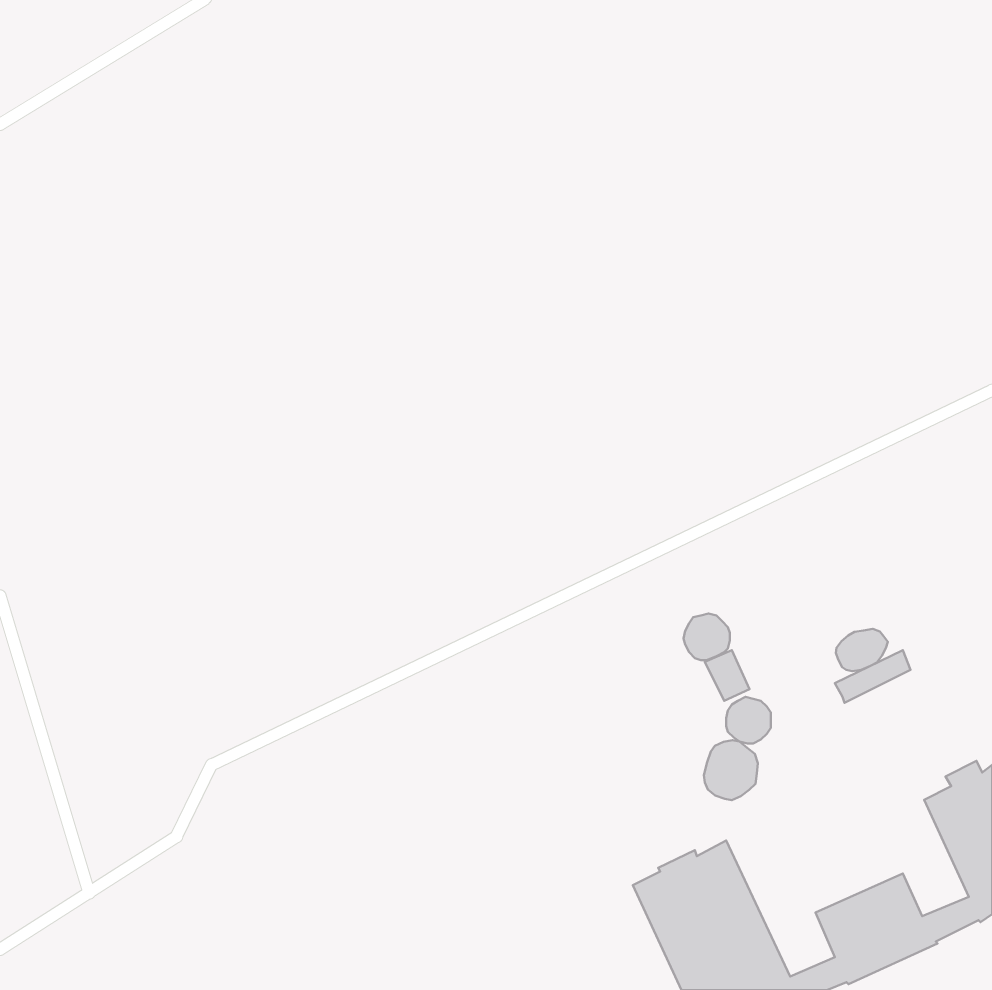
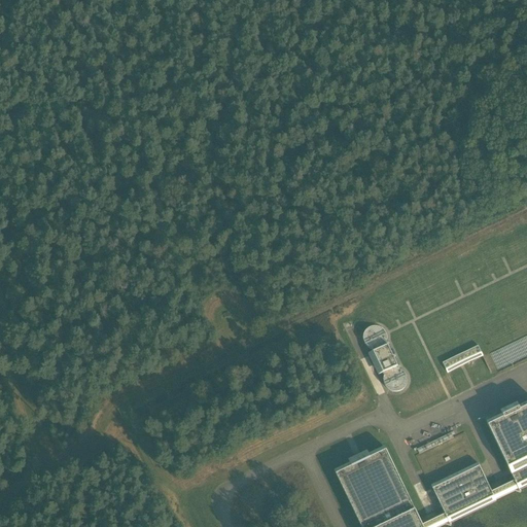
building: [836,629,888,671] -> none
building: [704,740,758,800] -> none

